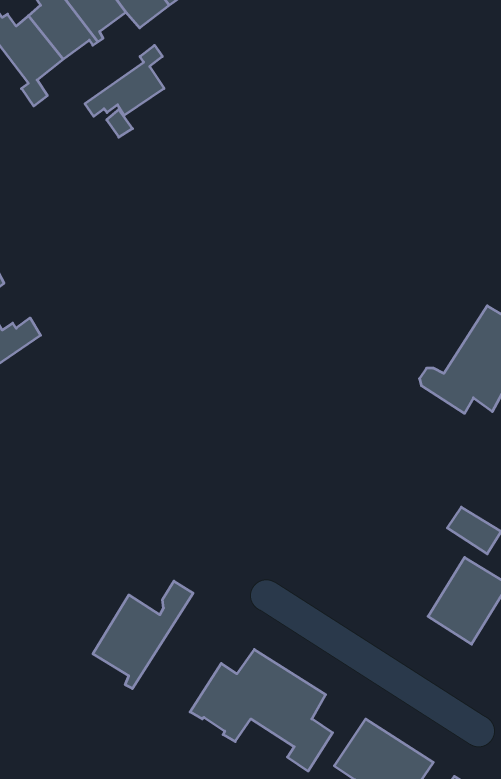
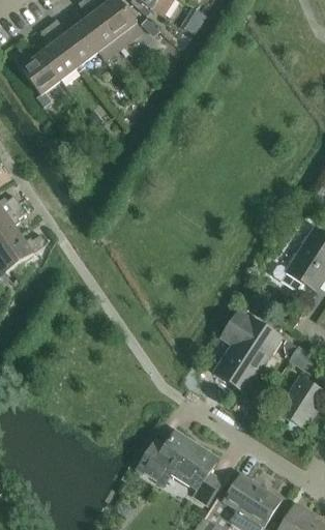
building: [85,45,164,116] -> none
building: none -> [214,310,282,392]
building: [93,581,193,689] -> none

